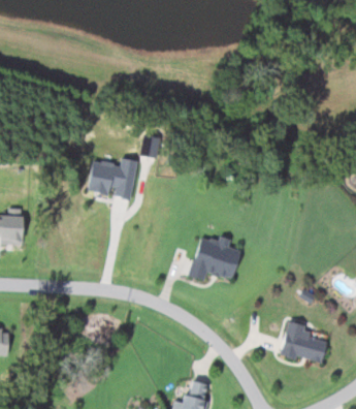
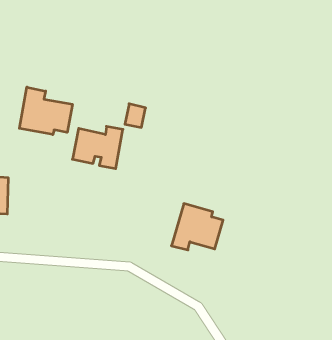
building: none -> [19,87,72,135]
building: [280,321,327,364] -> none

